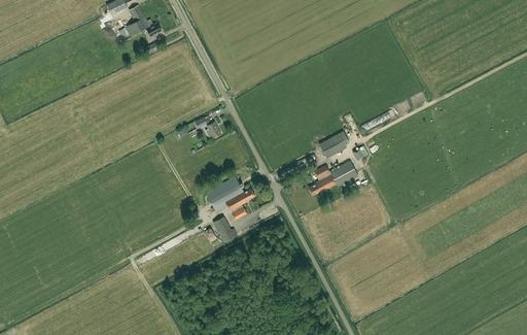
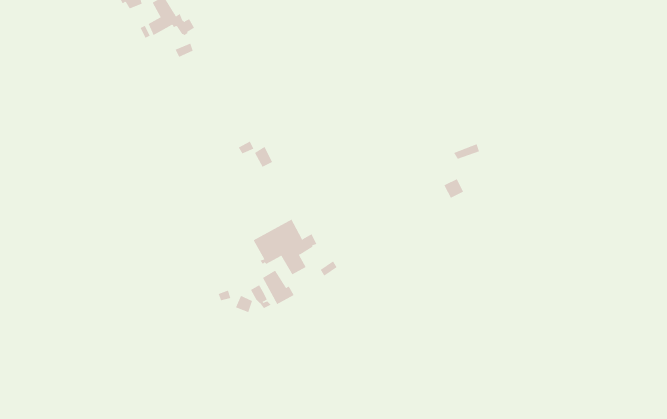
building: [319,131,349,158] -> none
building: [309,161,358,195] -> none

